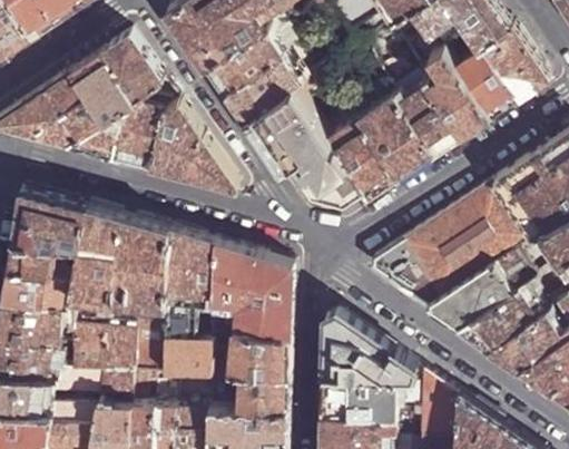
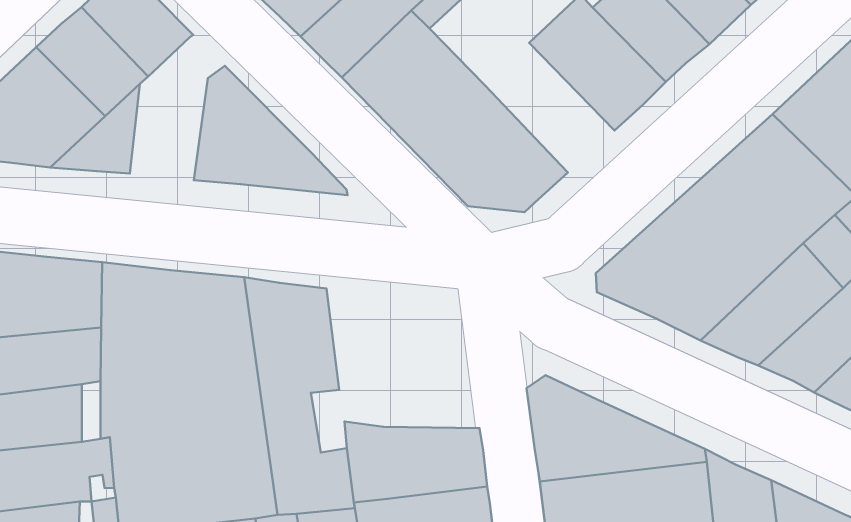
building: [112,101,167,168] -> none
building: [327,120,399,199] -> none
building: [214,244,294,340] -> none

